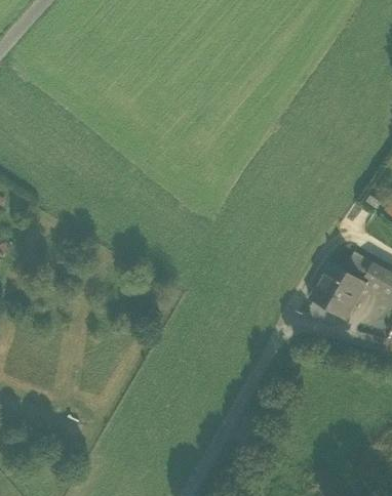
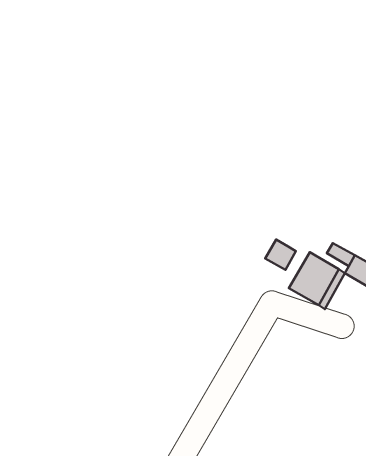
building: none -> [265,240,296,270]

